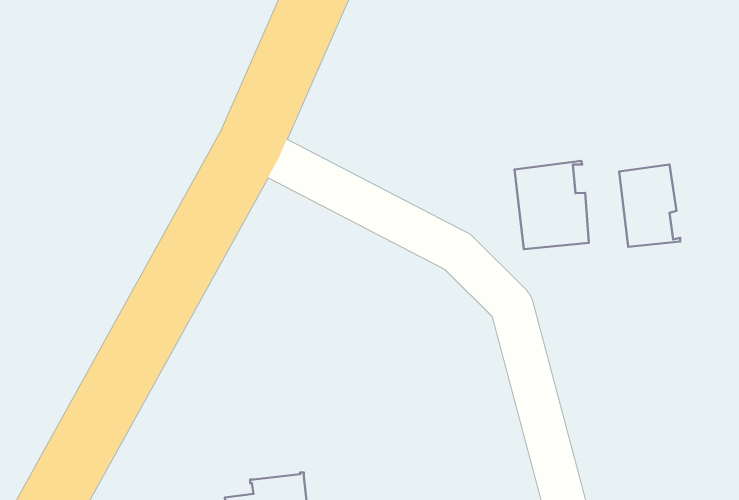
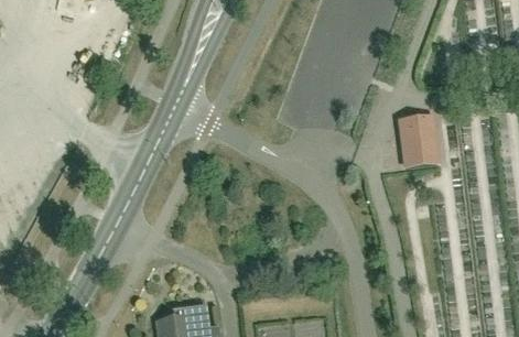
building: [514,161,589,249] -> none

